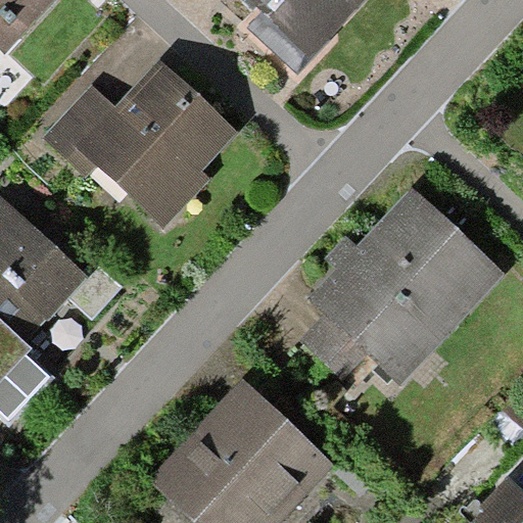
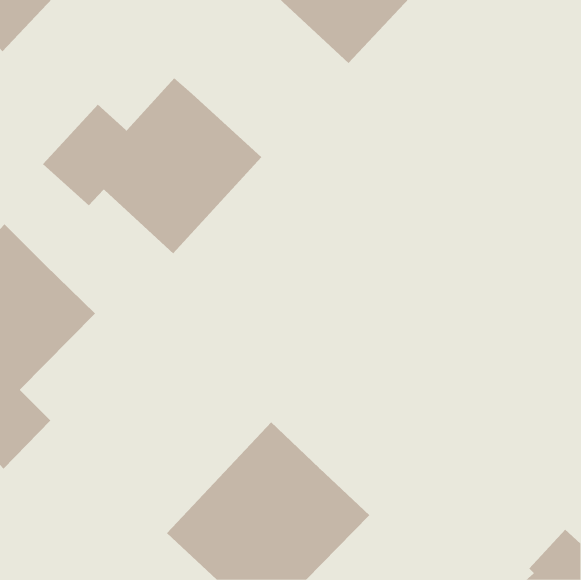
building: [306,188,505,381] -> none

